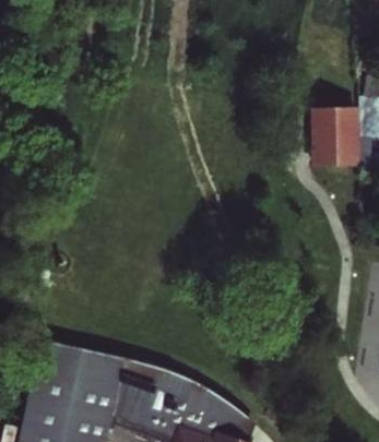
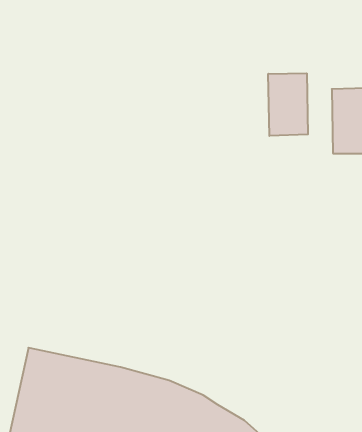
building: none -> [268,73,308,136]

